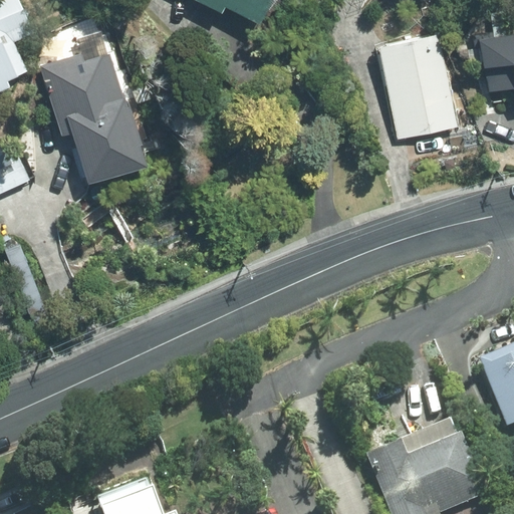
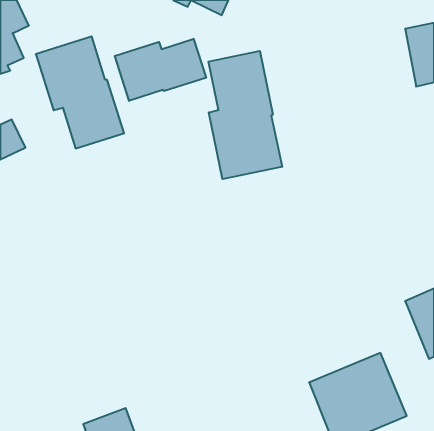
building: [379,33,458,139] -> none
building: none -> [115,39,206,101]
building: none -> [208,51,282,179]

